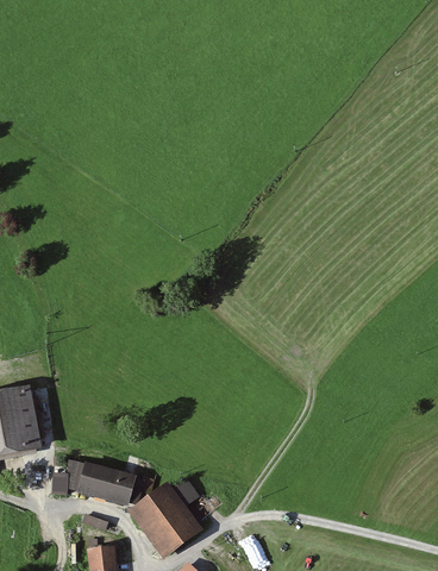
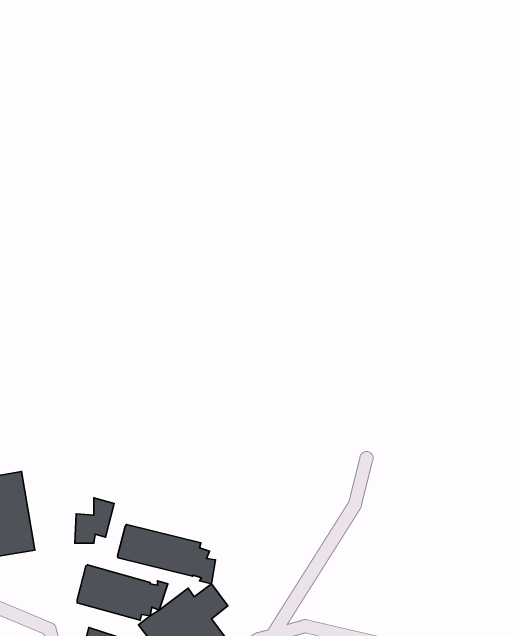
building: none -> [117,524,216,584]
building: [51,458,83,495] -> [75,498,114,543]

